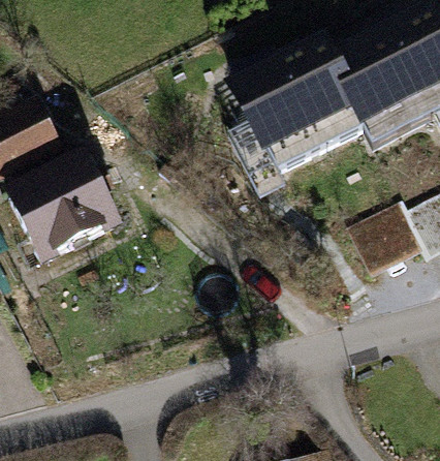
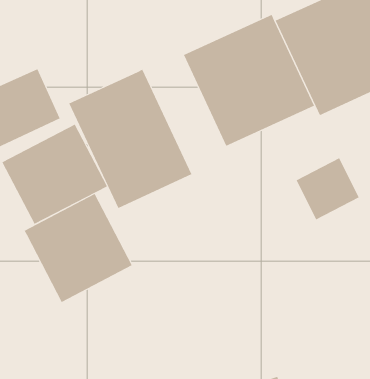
building: none -> [69,69,192,209]
building: none -> [24,193,132,303]

